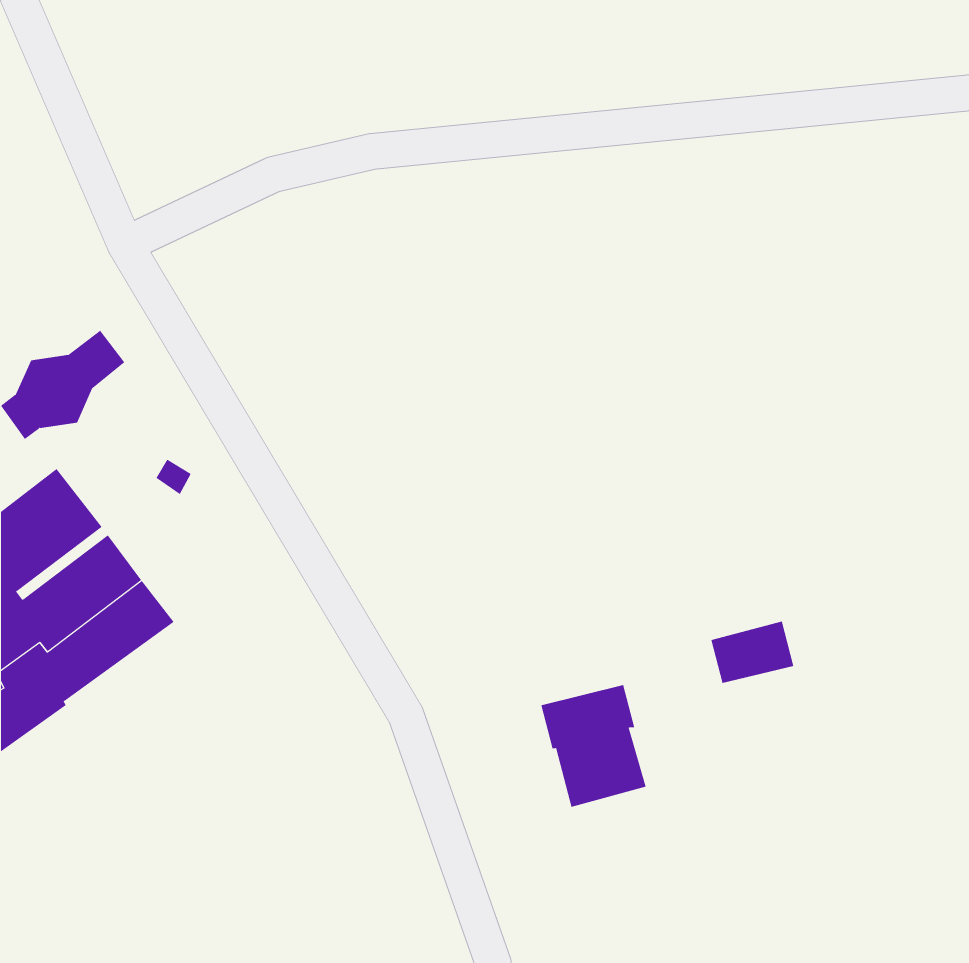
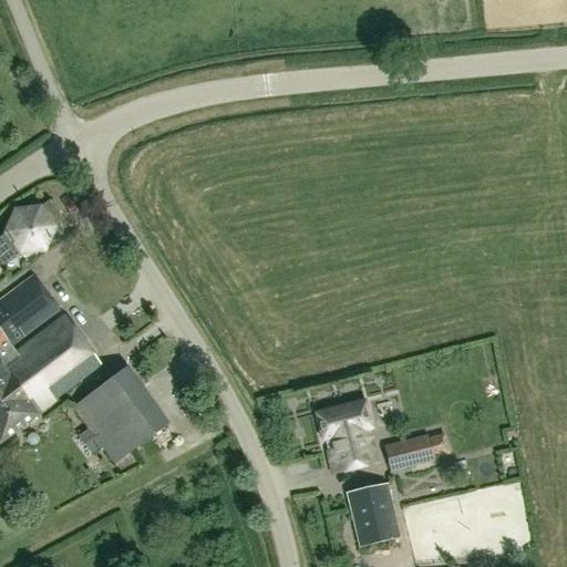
building: [711,621,794,683] -> [384,433,433,470]
building: none -> [72,365,168,462]
building: none -> [347,482,398,545]

